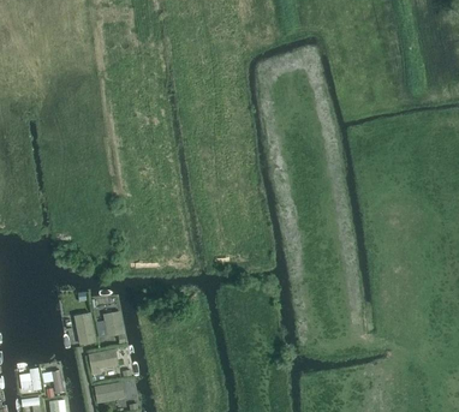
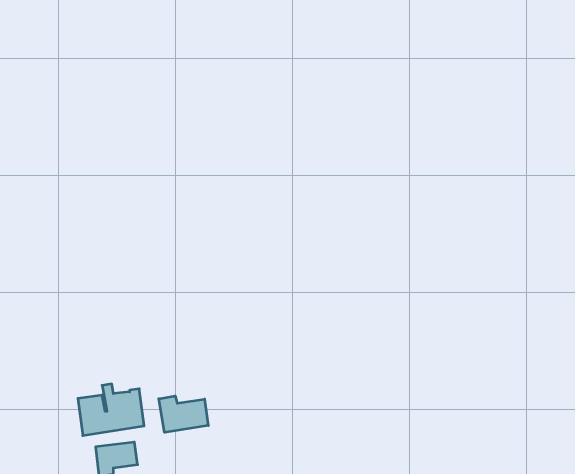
building: none -> [159,396,208,432]

